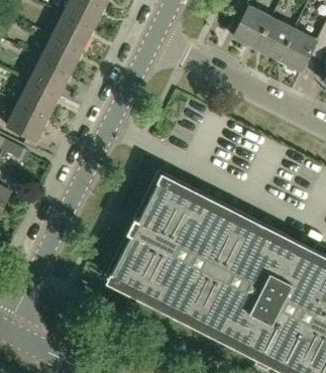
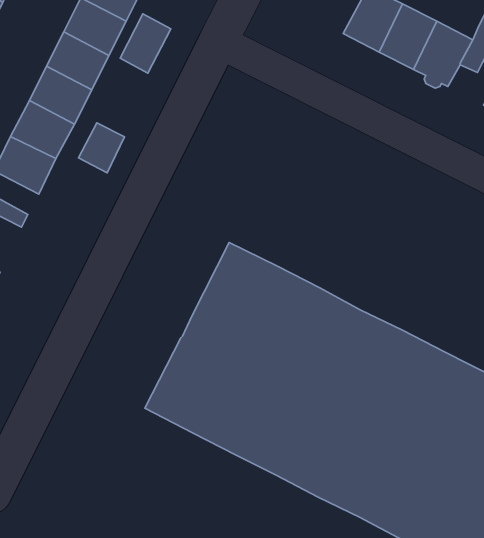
building: none -> [120,14,171,73]
building: none -> [79,123,125,173]

